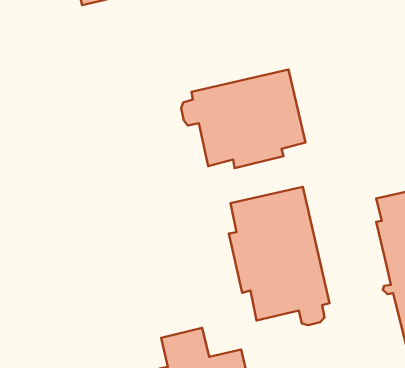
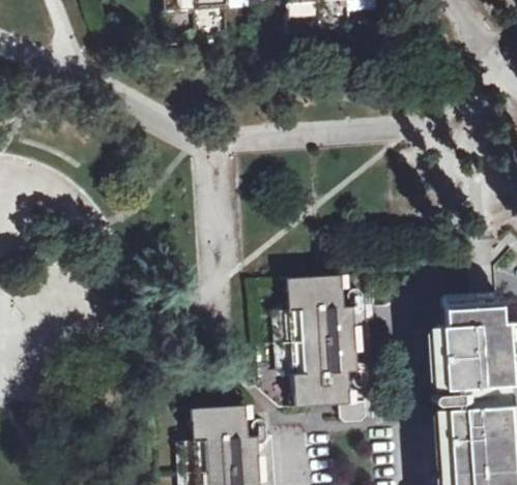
building: [181,70,305,168] -> none

